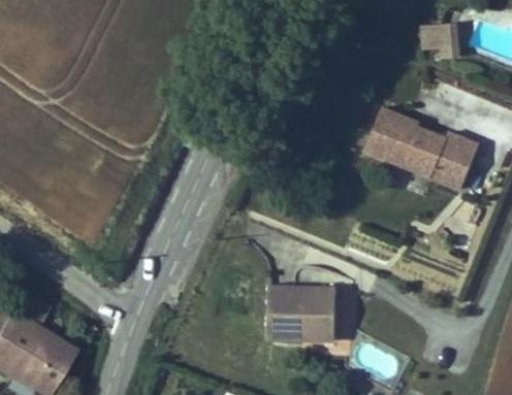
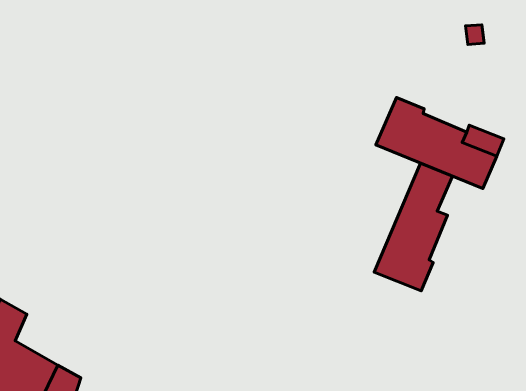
building: none -> [374,163,452,291]
building: [271,288,343,344] -> none

